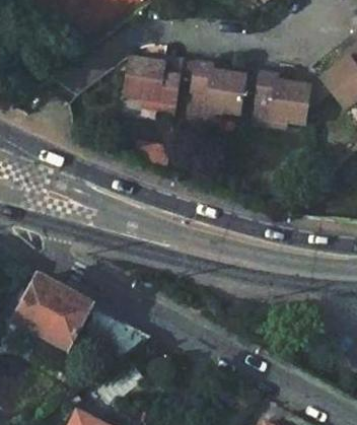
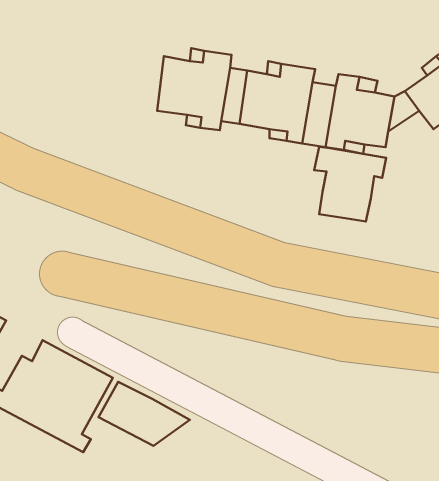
building: none -> [314,147,386,222]

